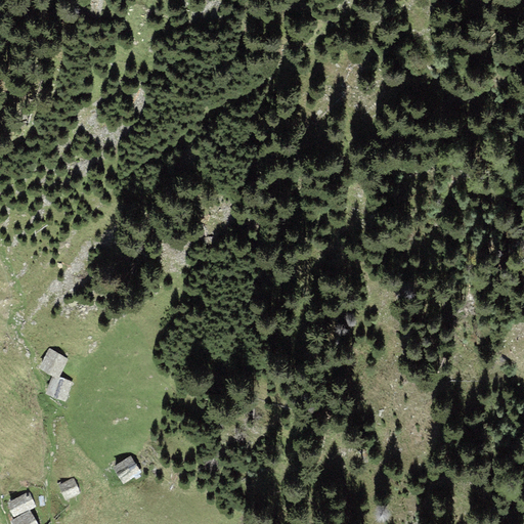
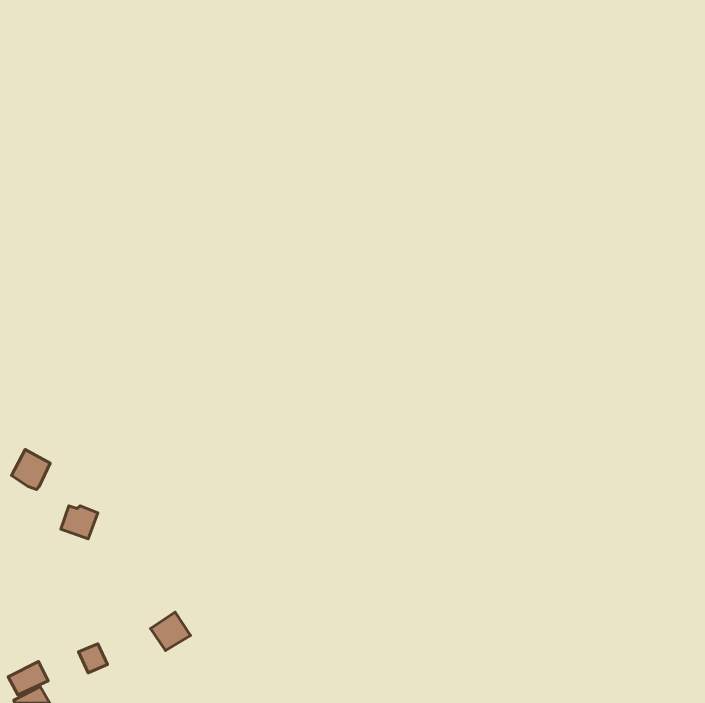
building: [39,348,68,378] -> [12,449,50,489]

